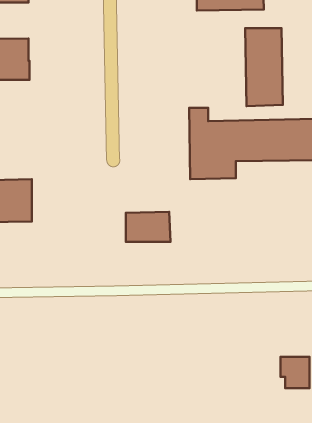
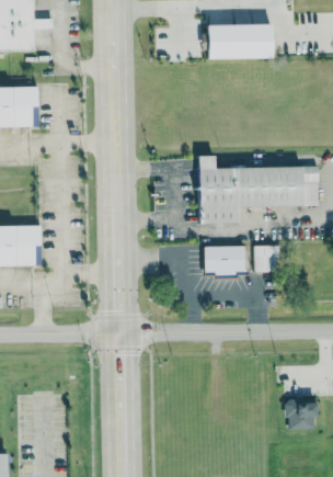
building: [245,28,283,106] -> none
building: none -> [256,246,278,272]
building: [126,212,170,242] -> [204,246,248,275]

